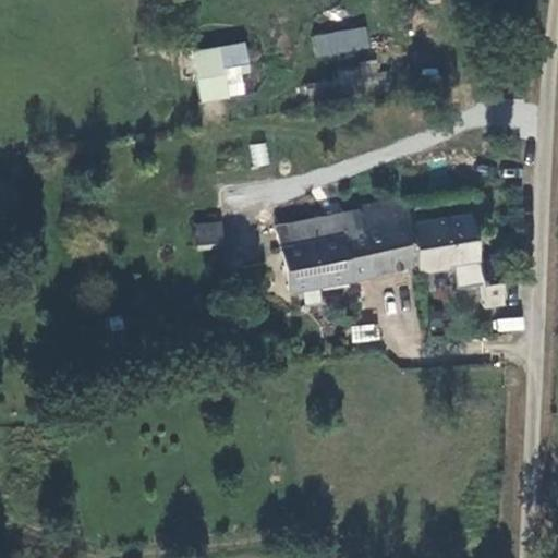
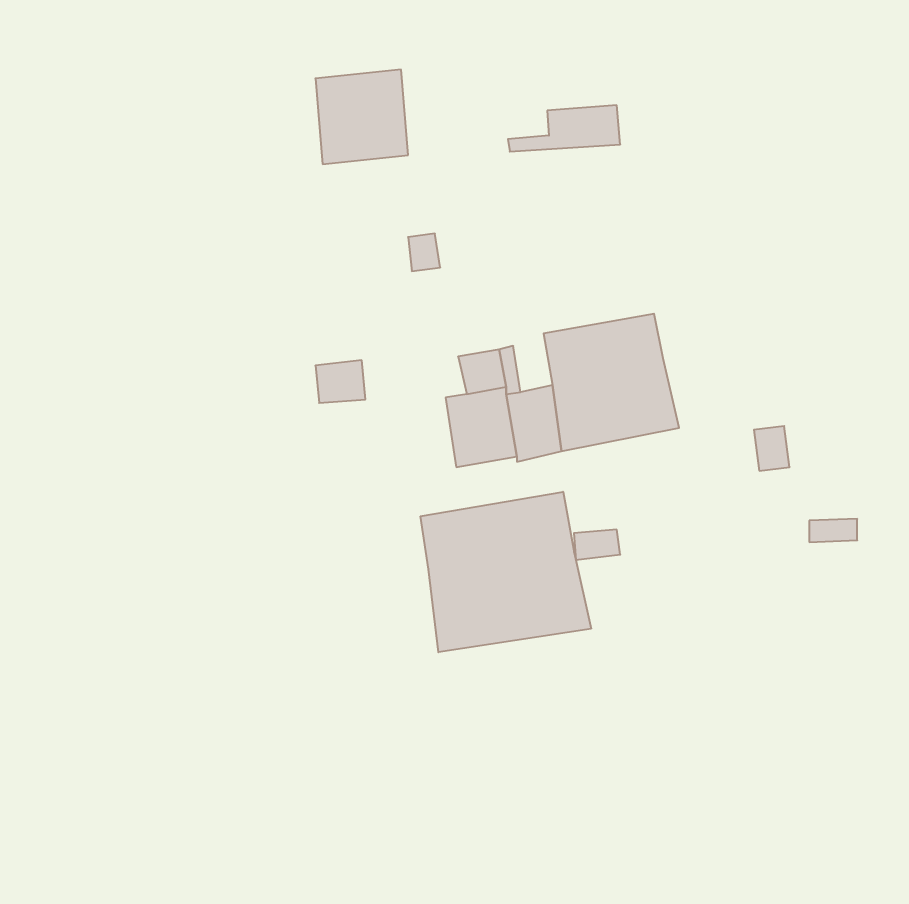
building: [311,29,372,62] -> none
building: [407,213,478,271] -> none
building: none -> [421,492,591,652]

